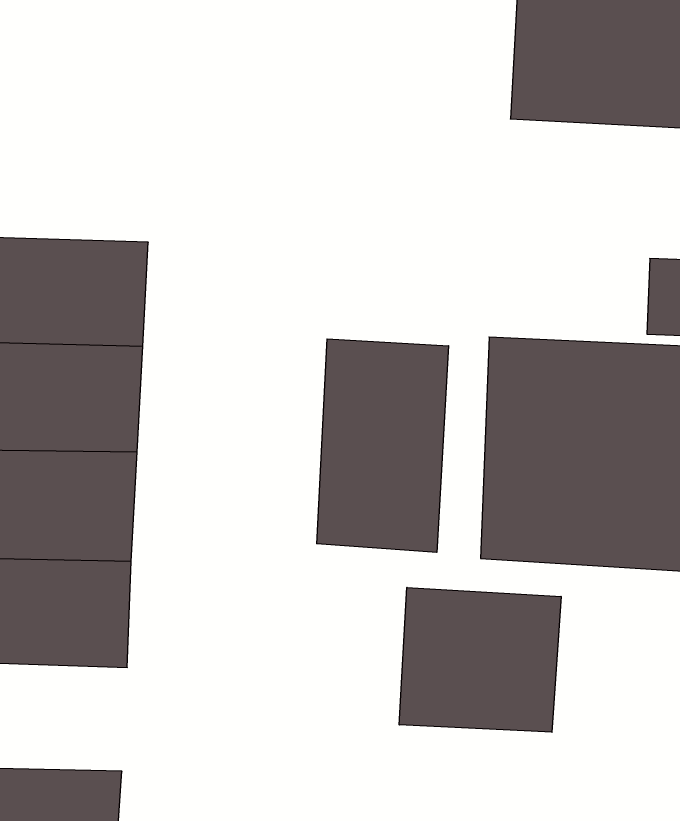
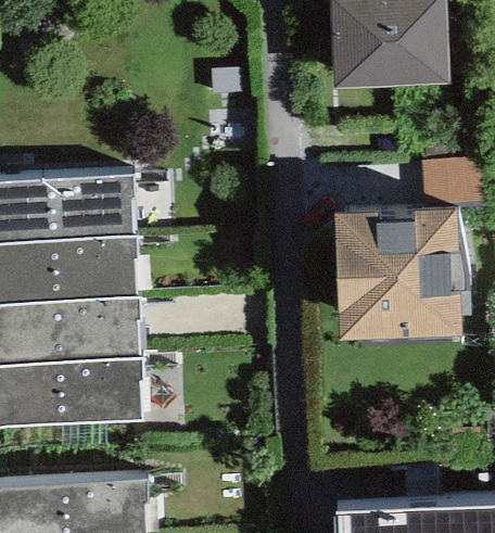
building: [317,339,449,552] -> none
building: [399,587,561,732] -> none

